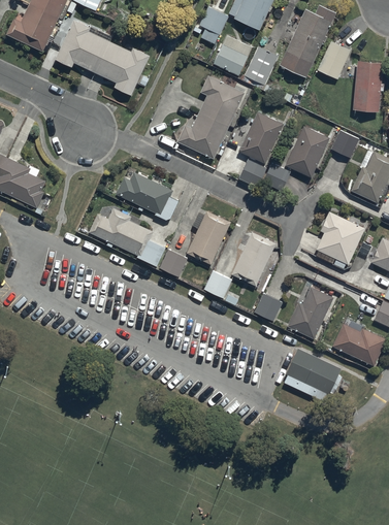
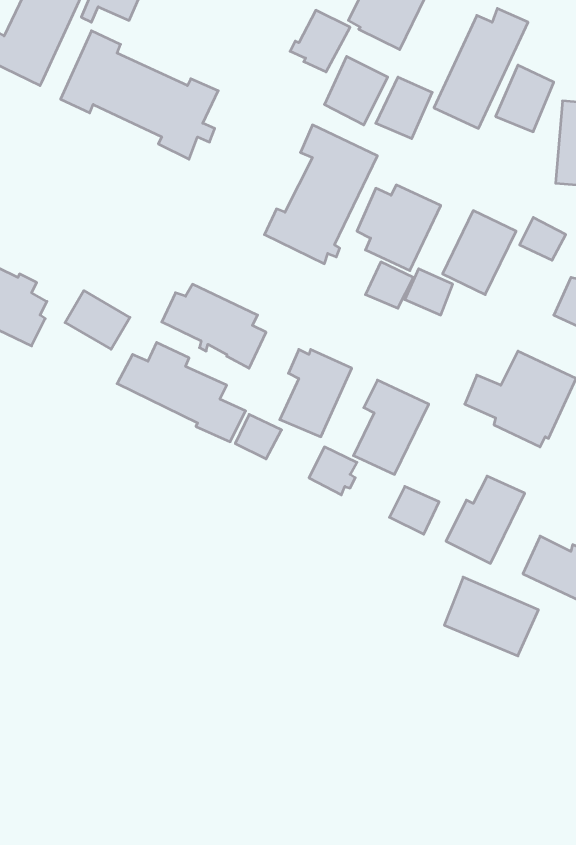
building: none -> [65,291,130,349]

